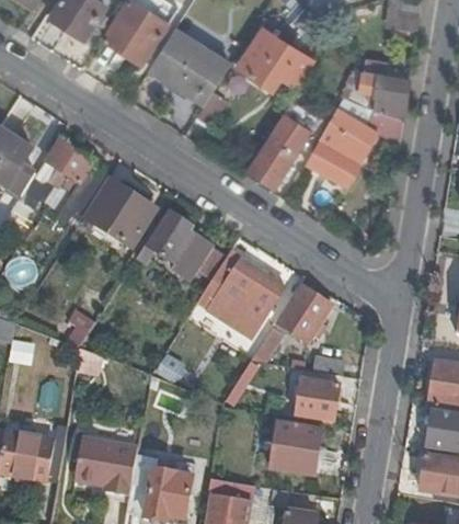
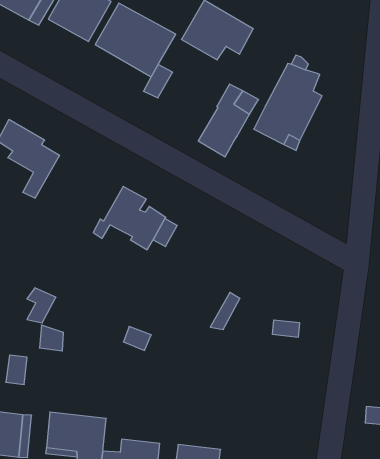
building: [356,73,409,119] -> none
building: [83,178,149,247] -> none
building: [208,254,285,334] -> none
building: [278,287,331,343] -> none
building: [294,378,338,422] -> none
building: [269,422,320,477] -> none

